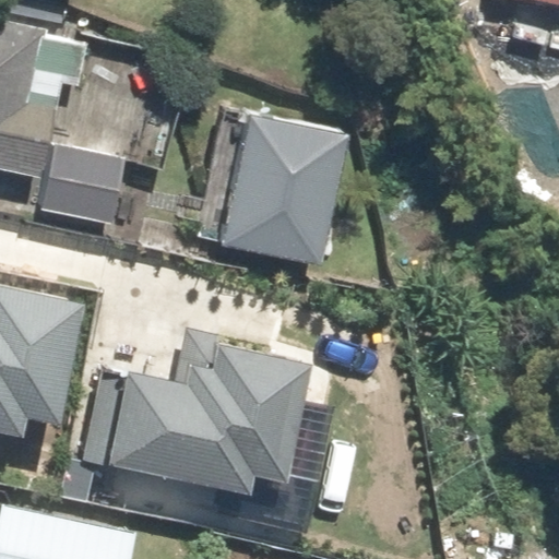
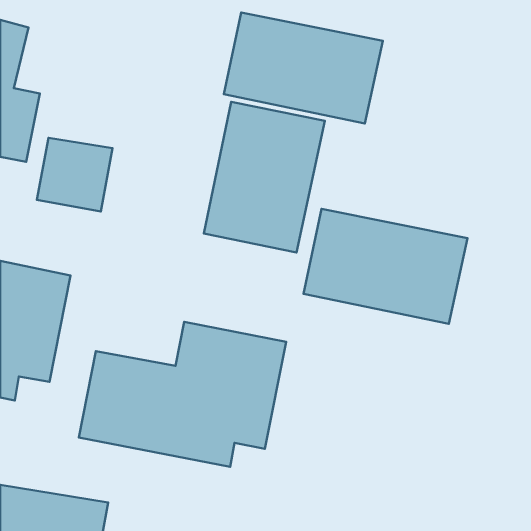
building: none -> [224,12,383,123]
building: none -> [304,209,467,324]

